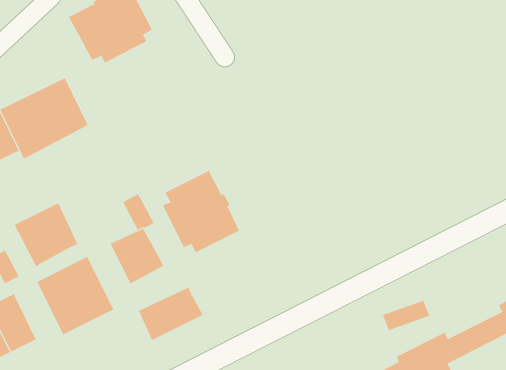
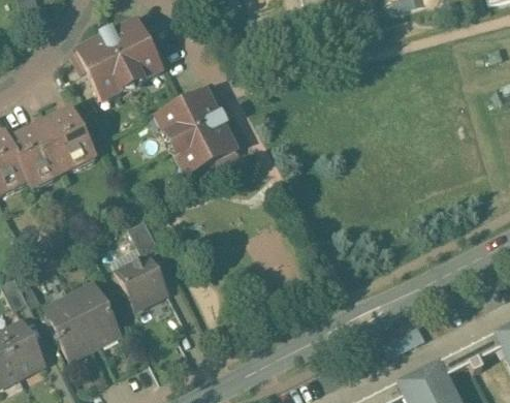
building: [162,170,240,253] -> [161,91,236,172]
building: [14,203,78,267] -> none
building: [138,287,204,341] -> none

